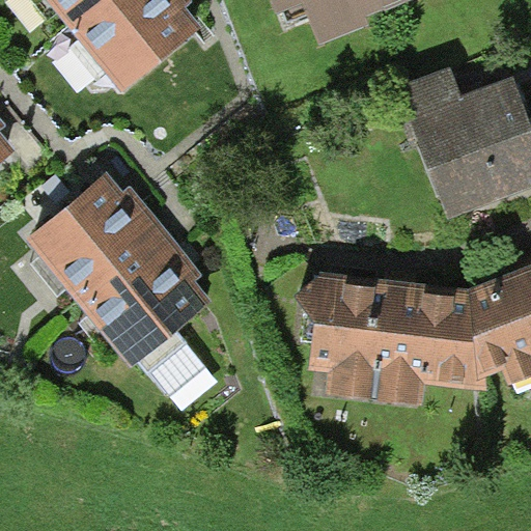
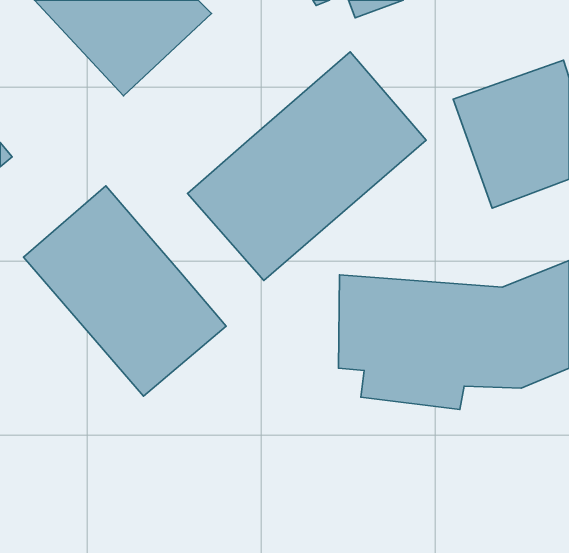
building: none -> [188,52,426,280]

